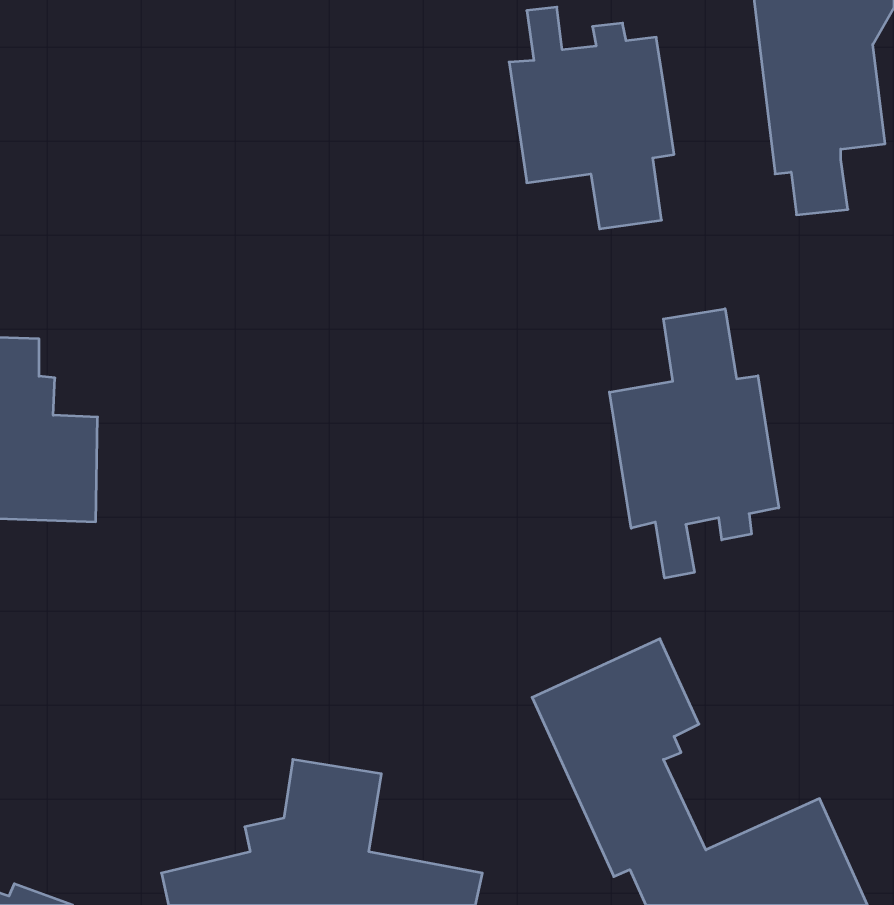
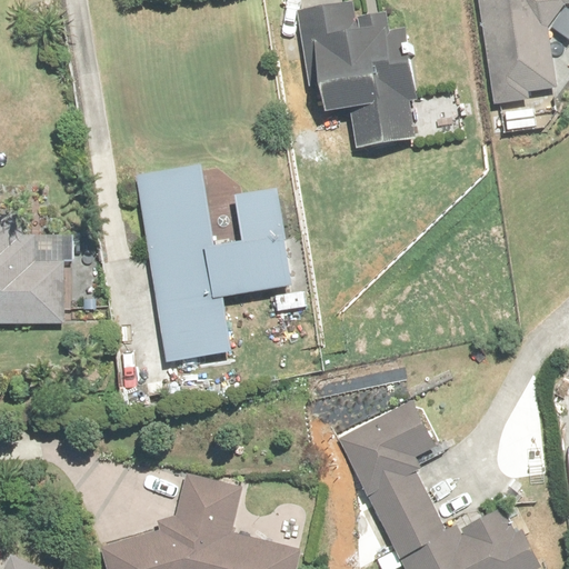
building: none -> [136,164,311,365]
building: [609,309,779,578] -> none

